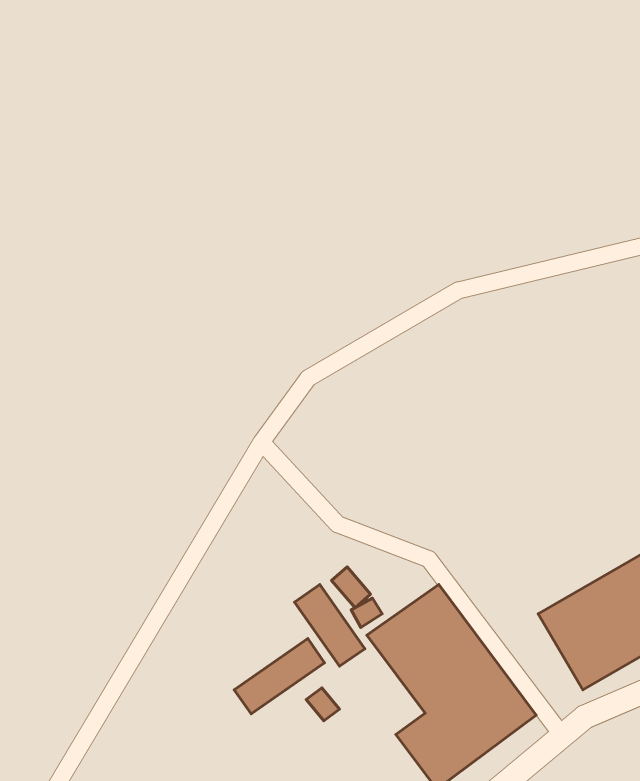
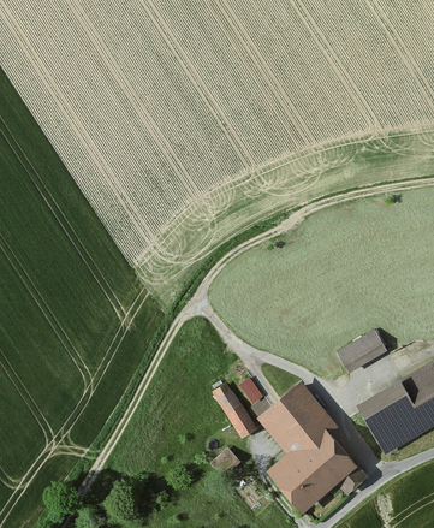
building: none -> [337,330,385,372]
building: [234,639,325,714] -> none

